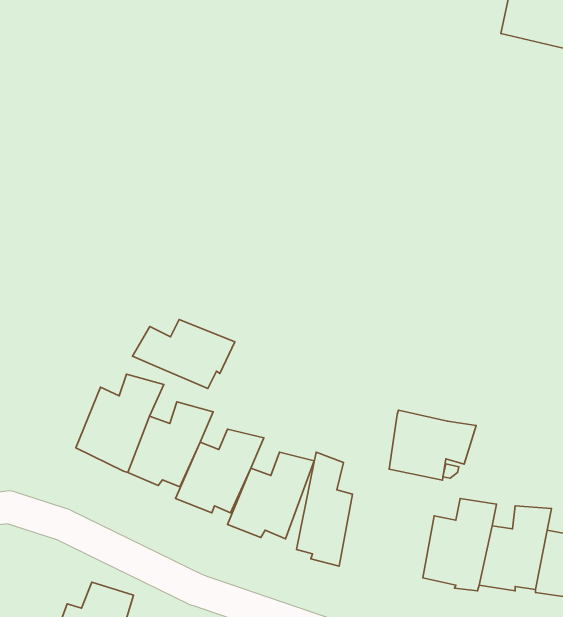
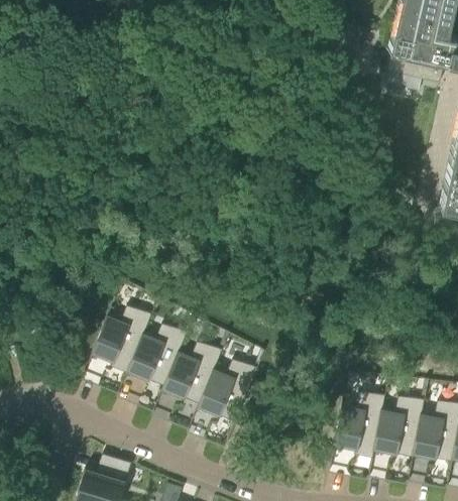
building: [132,319,235,389] -> none
building: [389,410,476,480] -> none
building: [297,452,353,566] -> none

